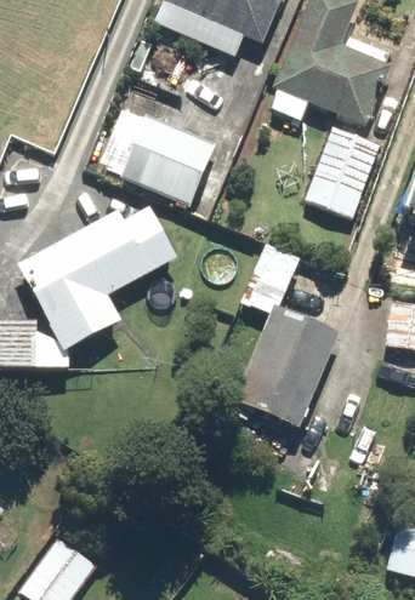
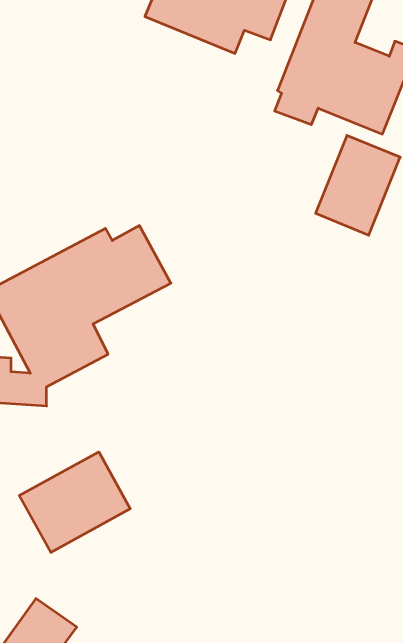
building: [115,114,212,201] -> none
building: [222,245,337,427] -> none
building: none -> [19,452,130,552]

